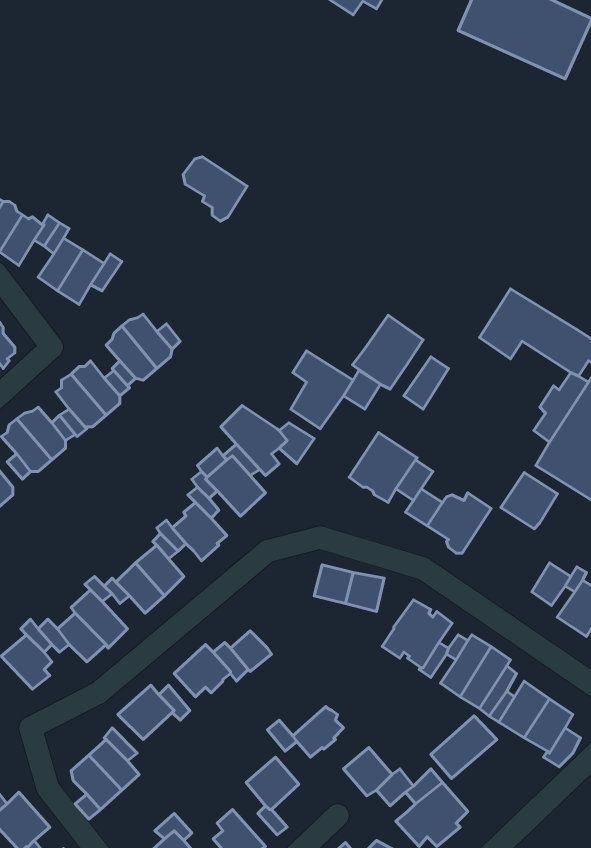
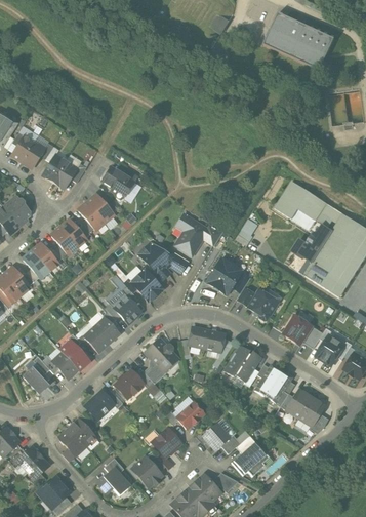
building: [183,157,247,221] -> [100,167,134,201]
building: [352,315,423,389] -> none
building: [501,472,557,529] -> [282,315,312,345]
building: none -> [146,340,177,371]
building: [431,716,497,779] -> none

